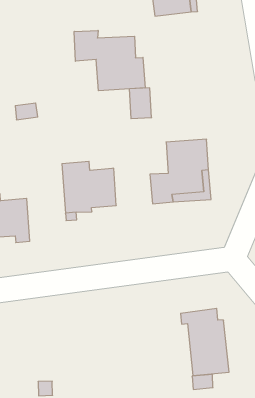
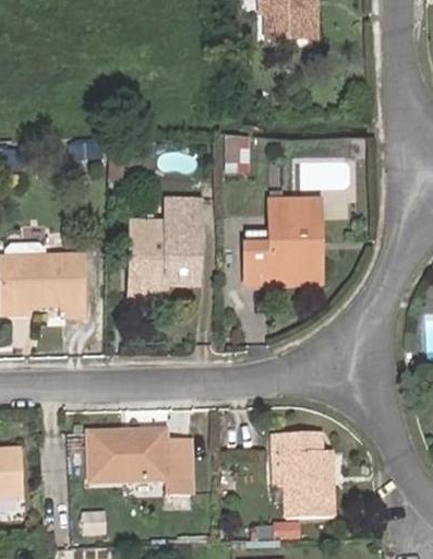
building: [74,30,145,91] -> none
building: none -> [168,199,199,235]
building: none -> [87,426,188,489]

